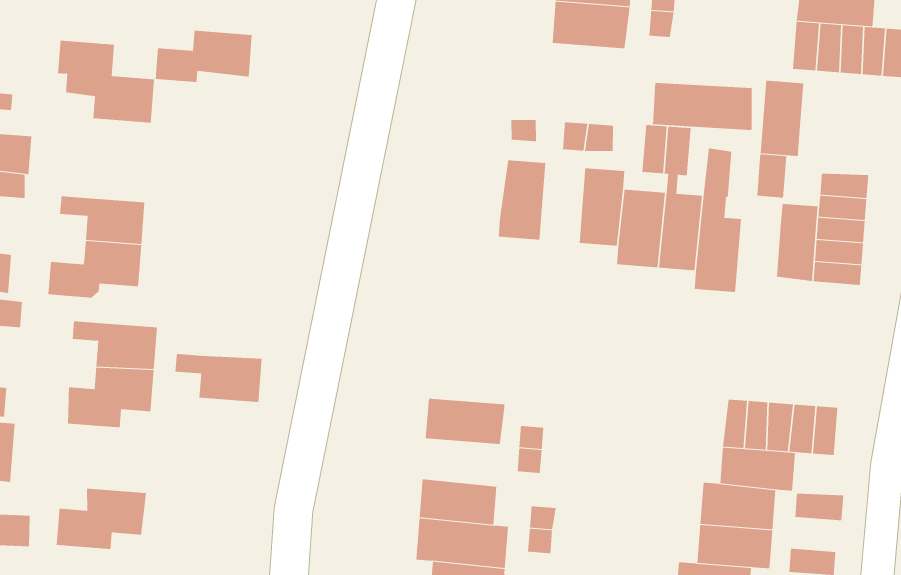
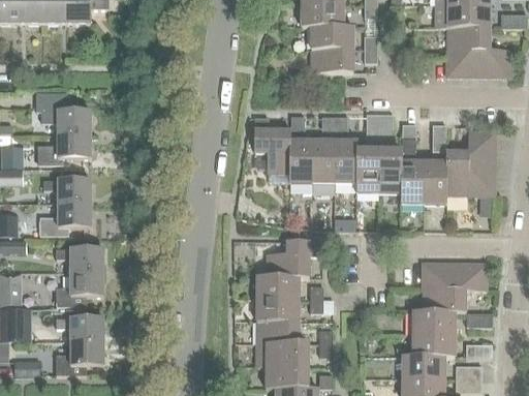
building: [155,30,253,82] -> [37,133,90,162]
building: [760,80,804,157] -> [424,161,445,203]
building: [652,82,752,131] -> none
building: none -> [253,116,290,172]
building: none -> [312,139,334,182]
building: none -> [266,241,321,277]
building: [175,354,263,402] -> [55,315,103,340]
building: none -> [256,298,299,322]

